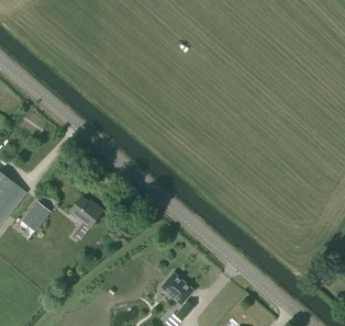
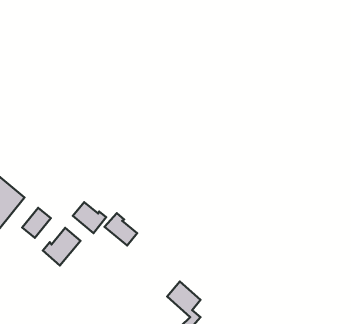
building: none -> [105,213,137,246]
building: none -> [43,228,81,266]

